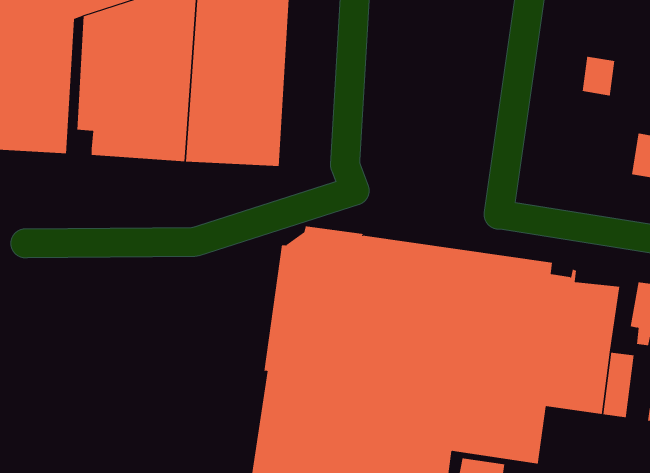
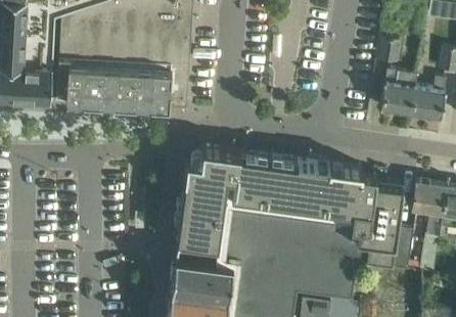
building: none -> [381,73,418,116]

